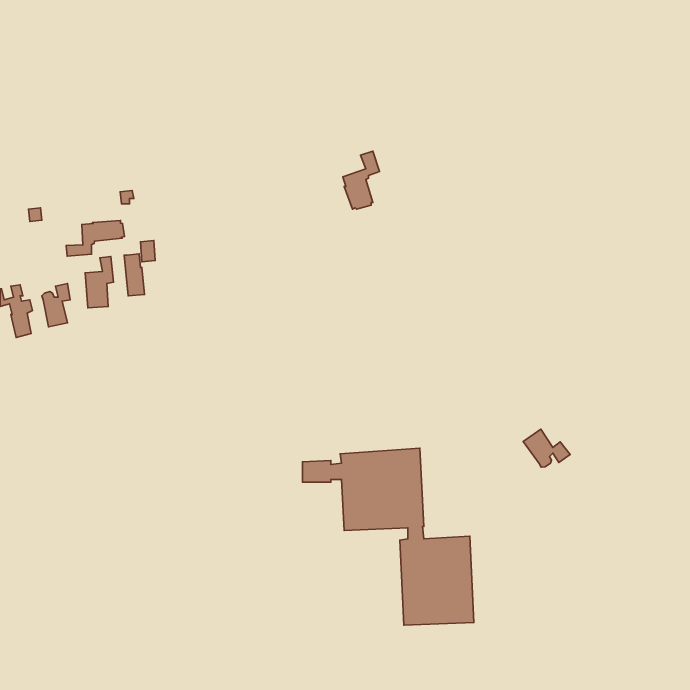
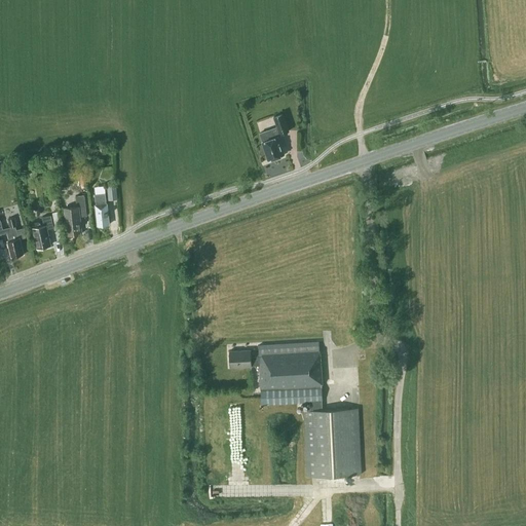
building: [66,221,124,256] -> none
building: [523,429,570,467] -> none

